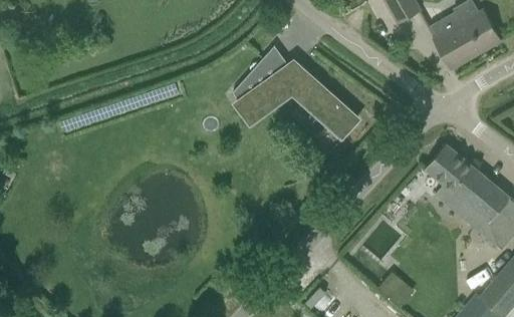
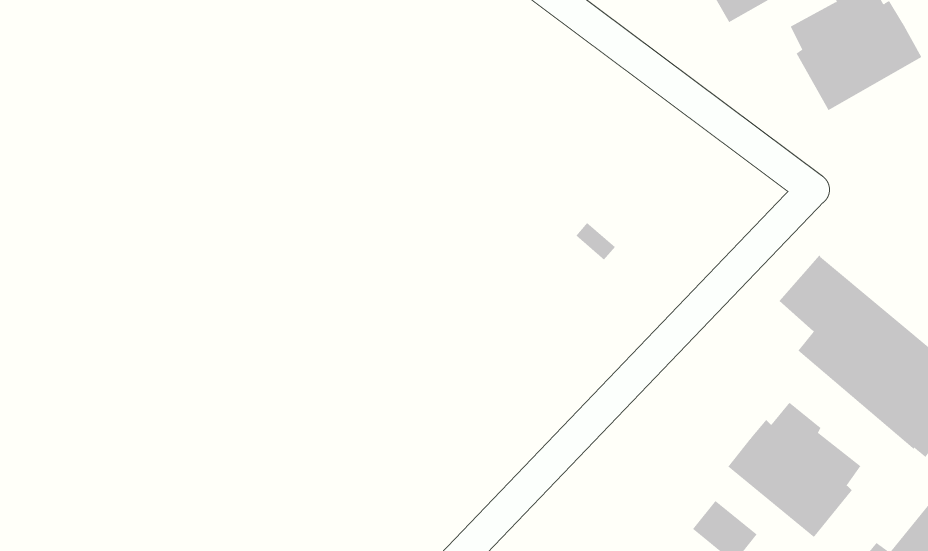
building: [233,55,357,137] -> none
building: none -> [727,402,861,538]

